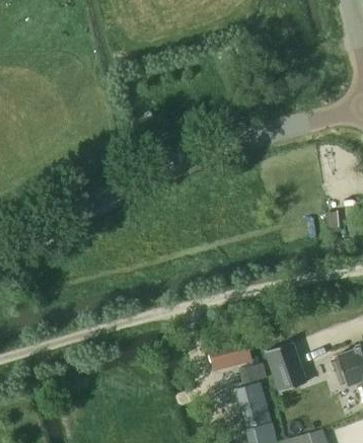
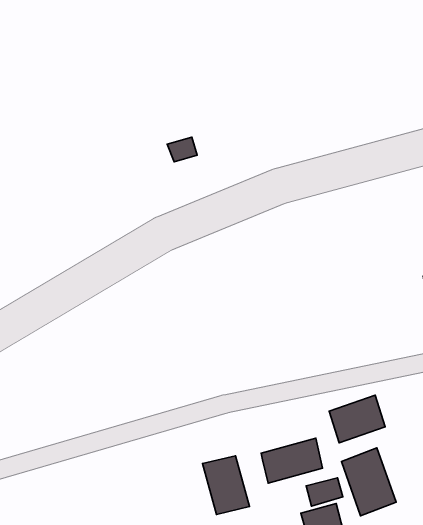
building: none -> [329,395,385,443]
building: none -> [202,456,249,515]

